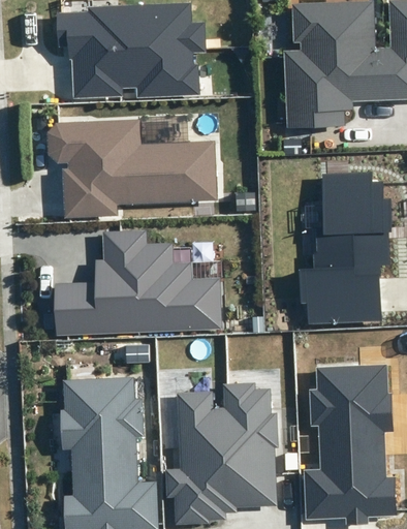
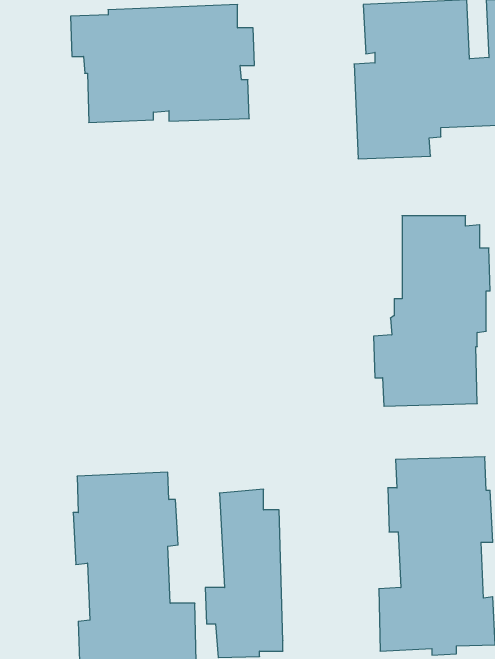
building: [48,119,219,218] -> none
building: [57,229,221,334] -> none
building: [223,382,278,511] -> none

